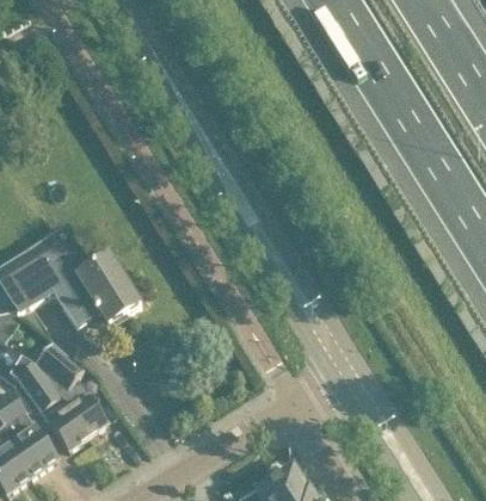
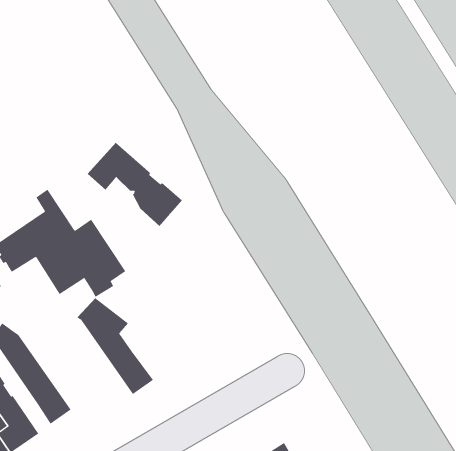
building: none -> [87,142,183,227]
building: [32,342,106,435] -> [76,297,154,395]

